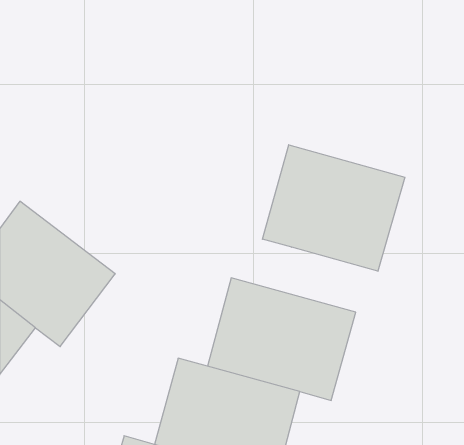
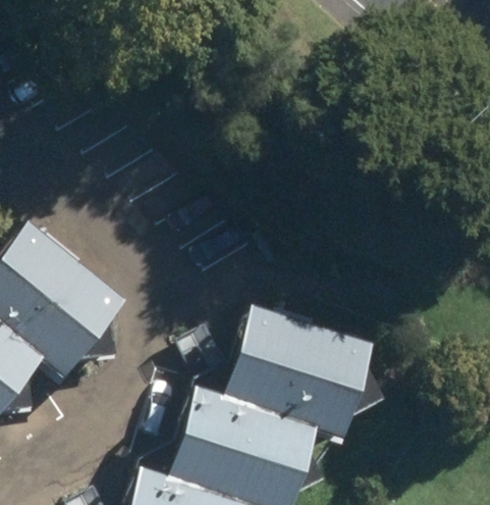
building: [262,145,405,271] -> none

